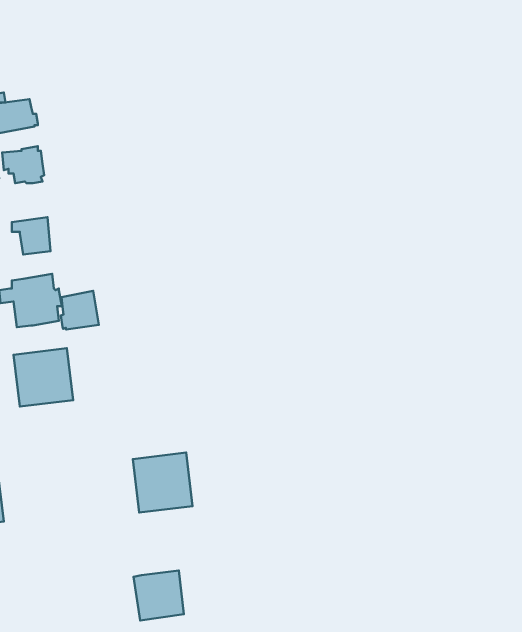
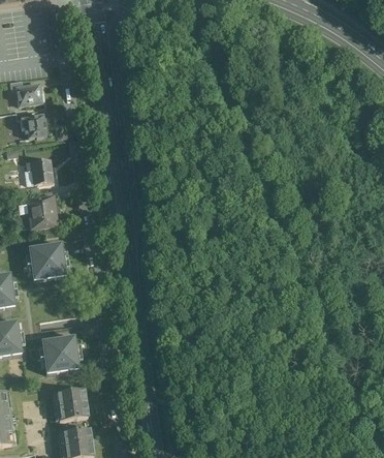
building: [61,291,99,330] -> none
building: [133,453,193,513] -> [41,334,79,372]
building: [134,570,184,621] -> [55,387,87,419]

